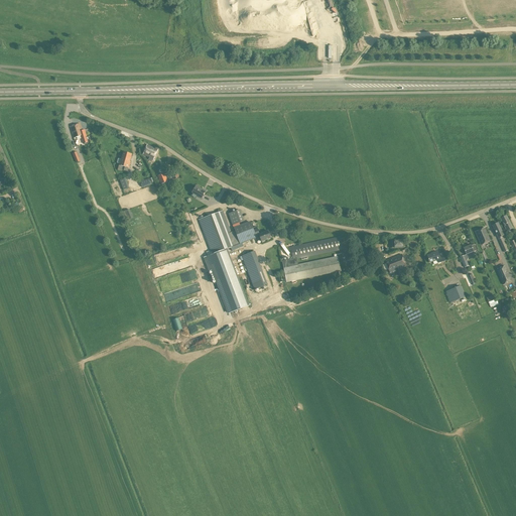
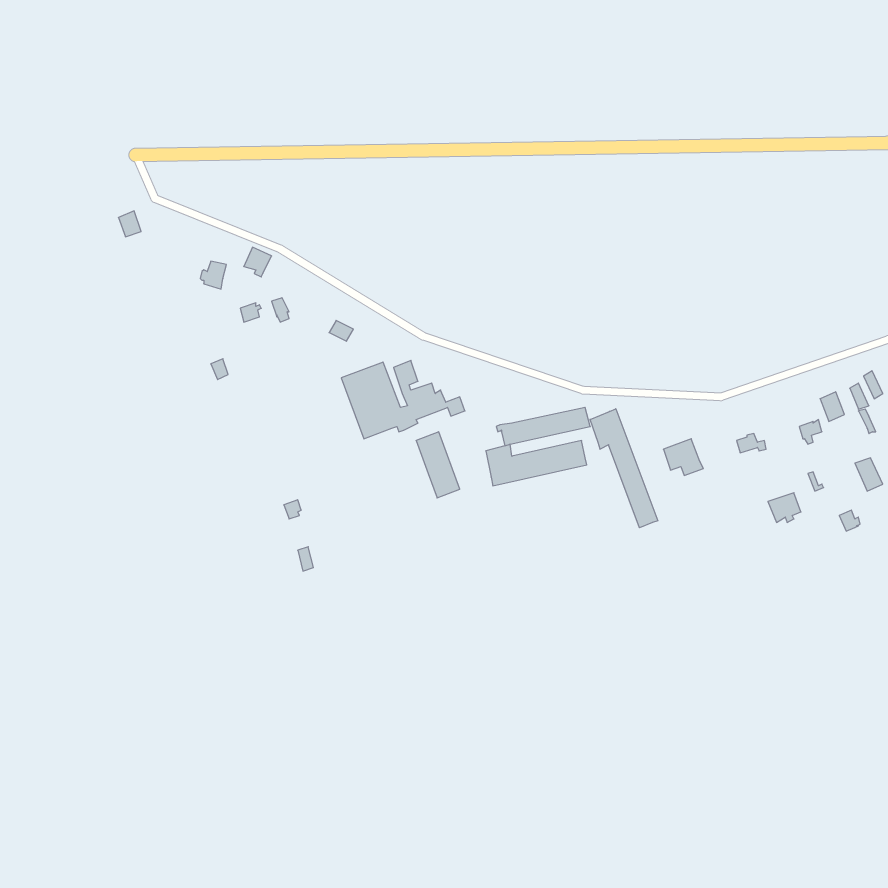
building: none -> [590,409,658,528]
building: [203,248,248,312] -> none

